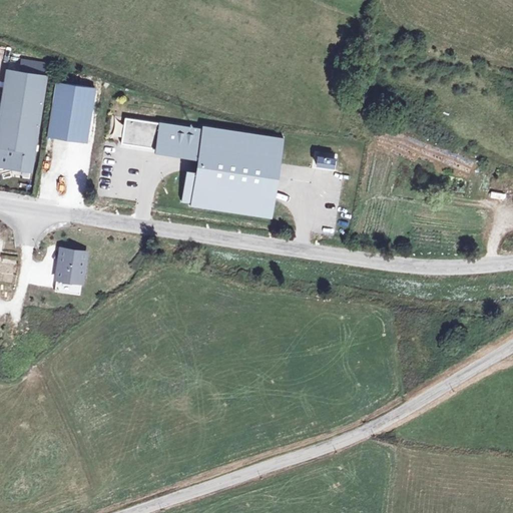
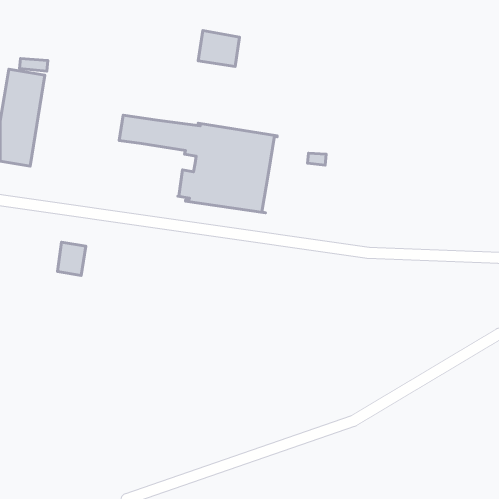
building: none -> [198,31,240,66]
building: [47,82,96,143] -> none

